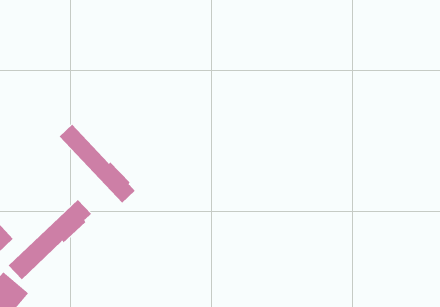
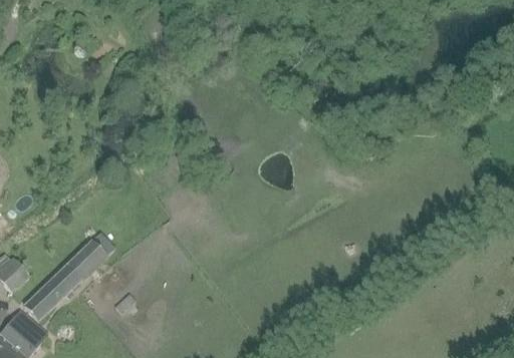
building: [59,124,135,203] -> none

